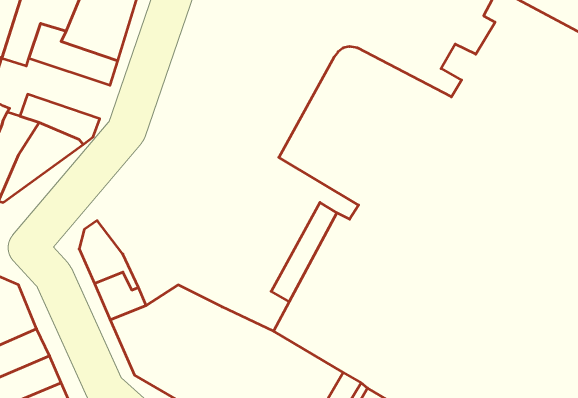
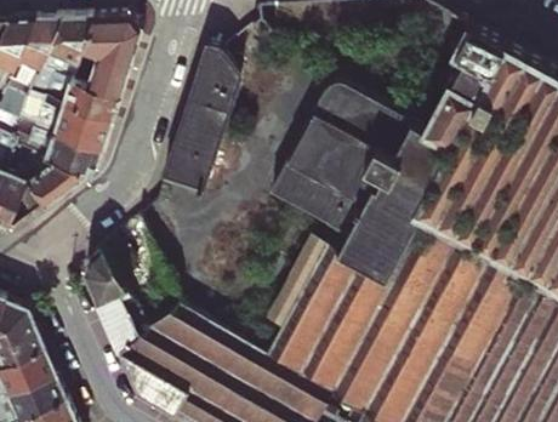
building: none -> [163,49,238,193]
building: none -> [24,97,112,154]

